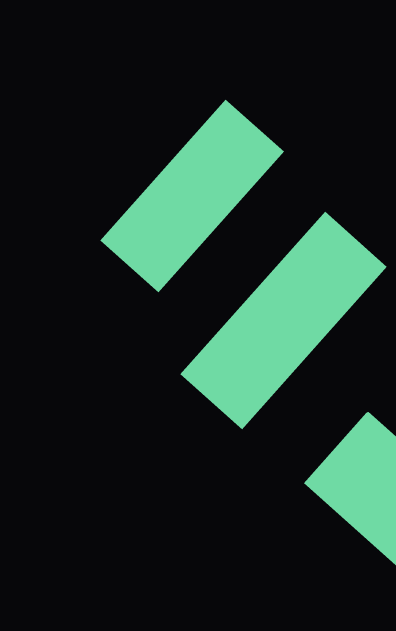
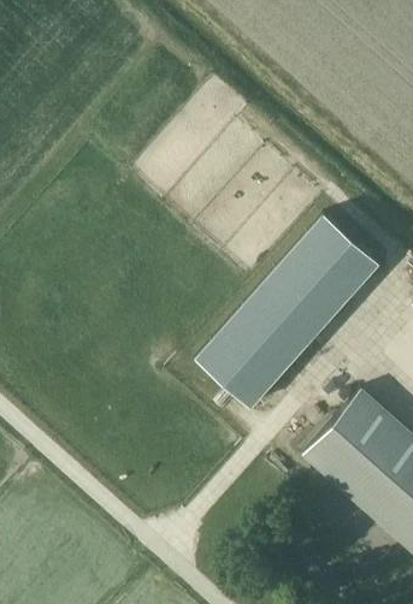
building: [100,99,285,293] -> none

